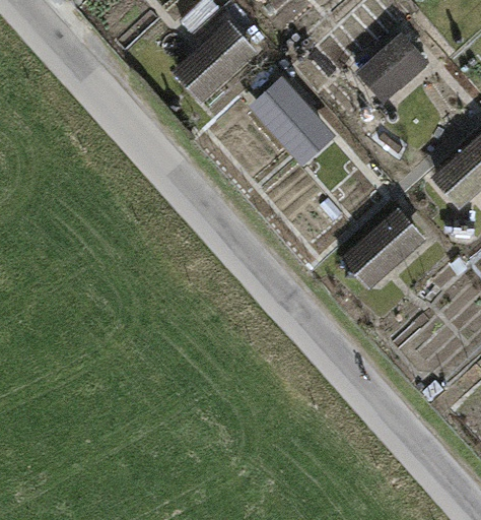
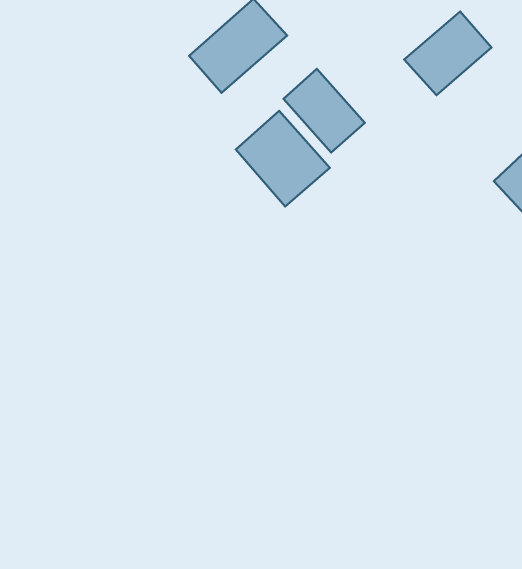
building: none -> [236,111,330,206]
building: [339,209,425,290] -> none

